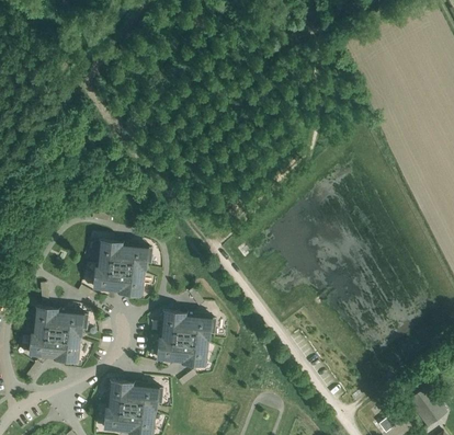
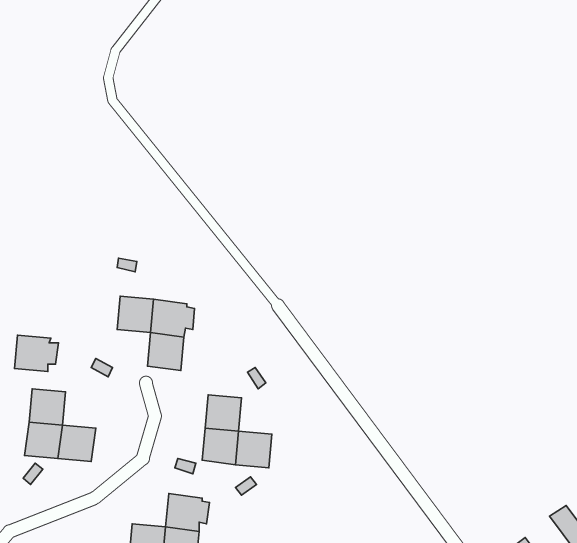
building: [93,265,120,291] -> none
building: [56,310,88,336] -> [14,335,58,372]
building: [183,314,215,341] -> none
building: [106,381,133,408] -> none

